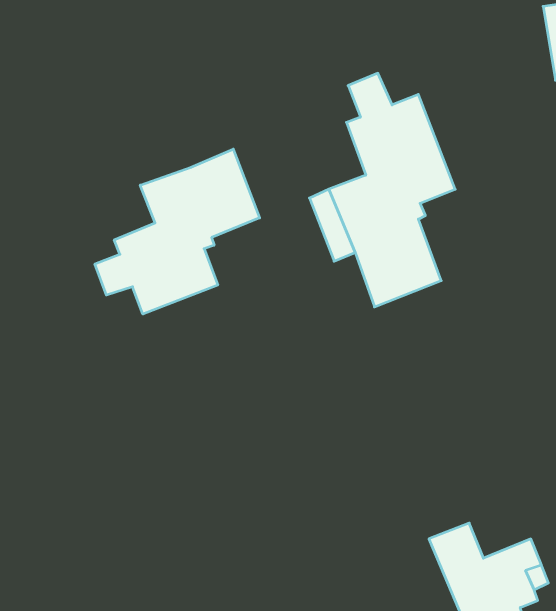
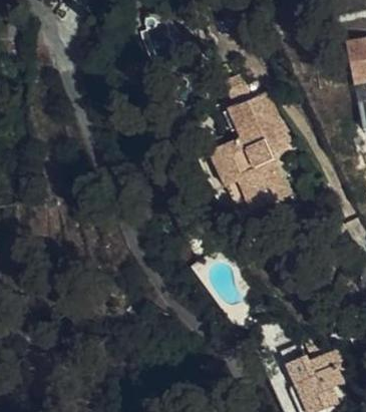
building: [95,149,260,314] -> none

